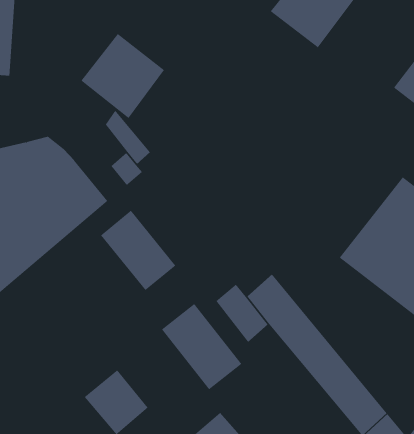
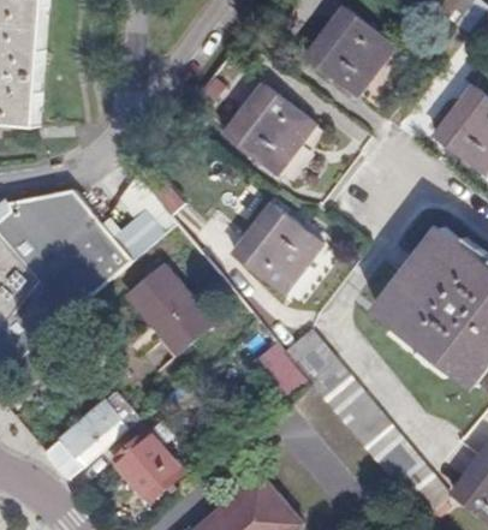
building: [80,33,165,119] -> [224,84,311,173]
building: none -> [232,206,320,293]
building: [161,303,242,390] -> none
building: none -> [40,398,125,480]

